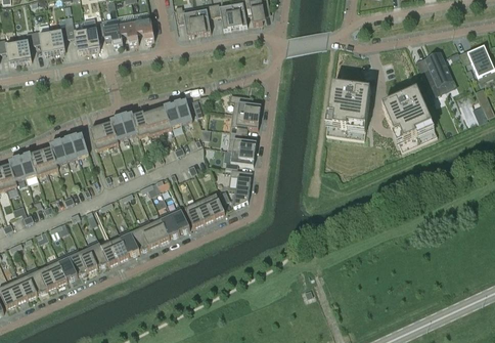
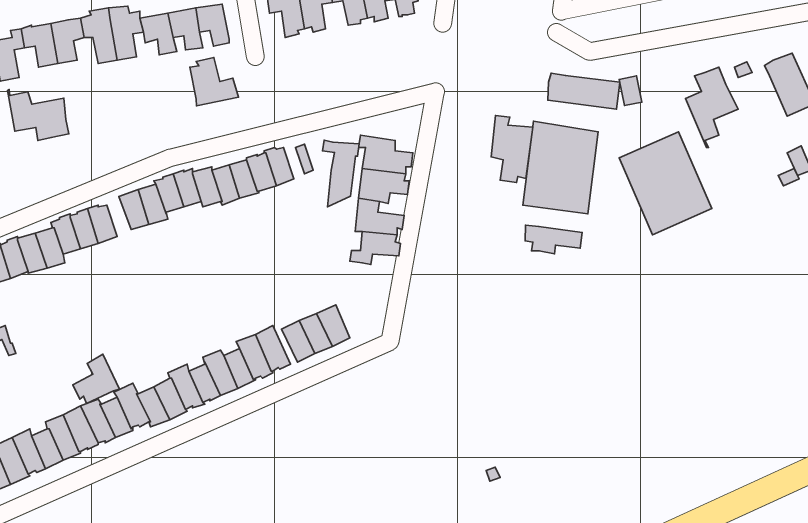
building: none -> [190,58,238,106]
building: none -> [548,73,620,109]
building: none -> [7,89,69,141]
building: none -> [491,116,533,182]
building: none -> [525,225,582,254]
building: [230,169,252,208] -> [322,140,359,207]
building: none -> [73,354,119,404]

